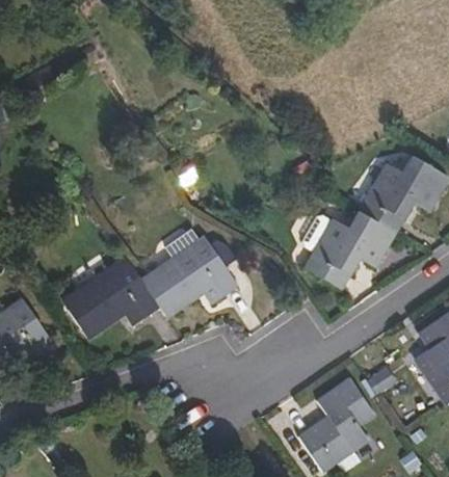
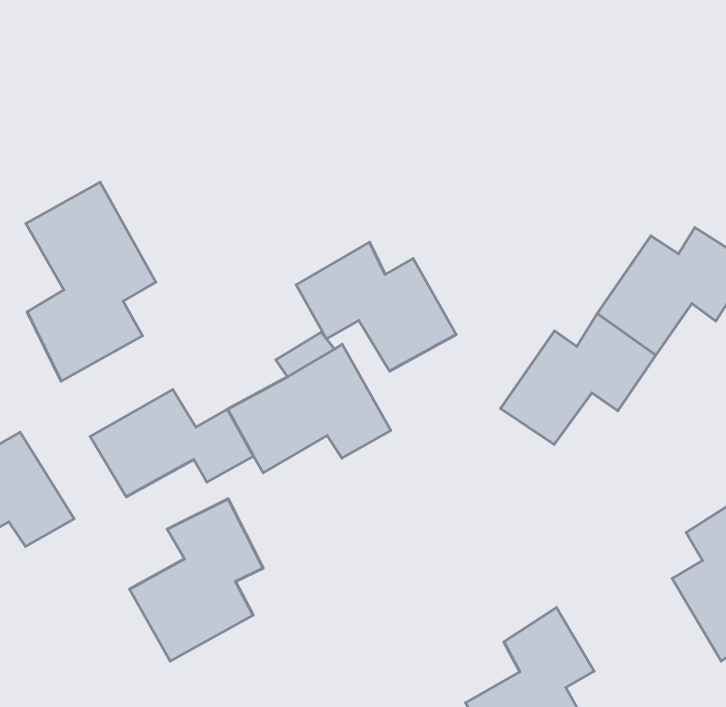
building: none -> [26,182,156,381]
building: none -> [296,242,456,371]
building: none -> [129,499,263,661]

